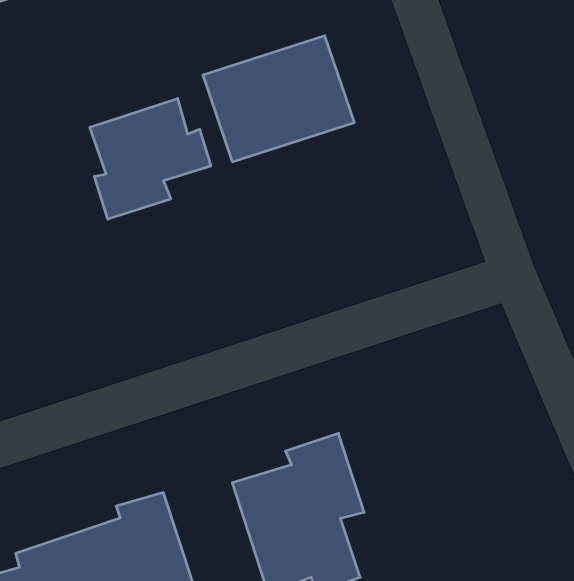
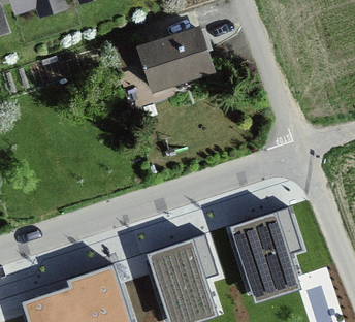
building: [90,98,211,219] -> none
building: none -> [232,206,302,290]

